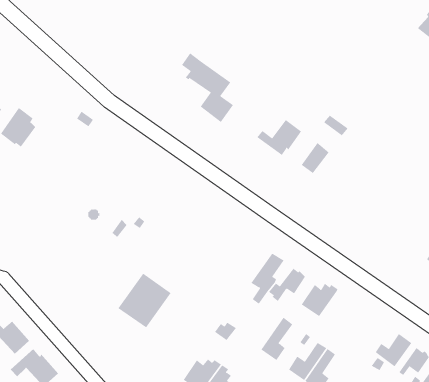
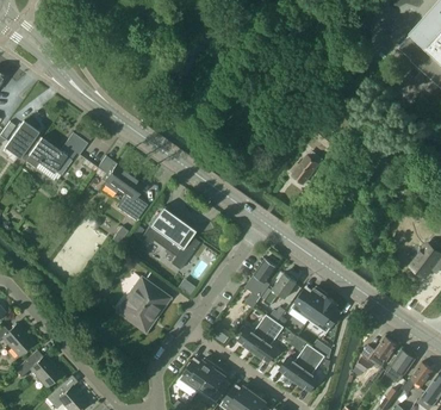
building: [181,52,234,123] -> [97,156,147,223]
building: none -> [25,132,87,175]
building: [257,119,302,156] -> none
building: none -> [141,207,199,269]
building: none -> [309,297,340,334]
building: none -> [236,315,274,352]

